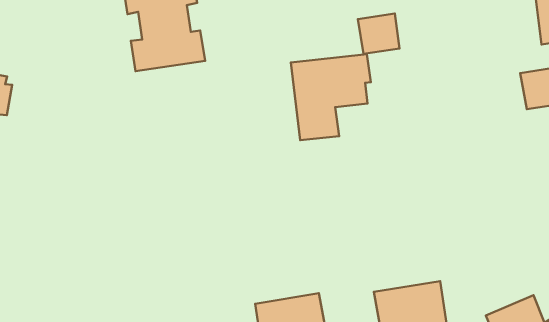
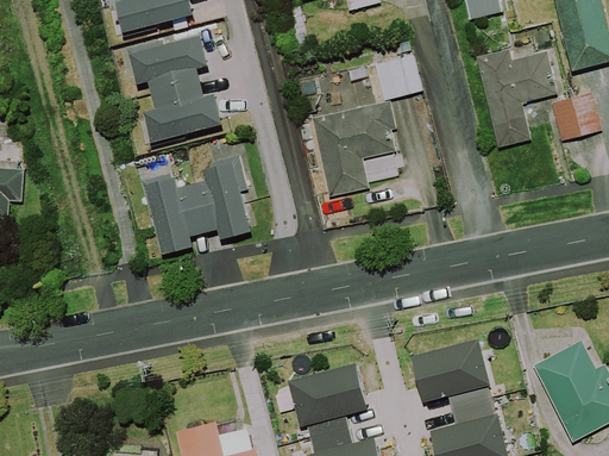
building: none -> [473,50,555,150]
building: none -> [140,157,249,256]

